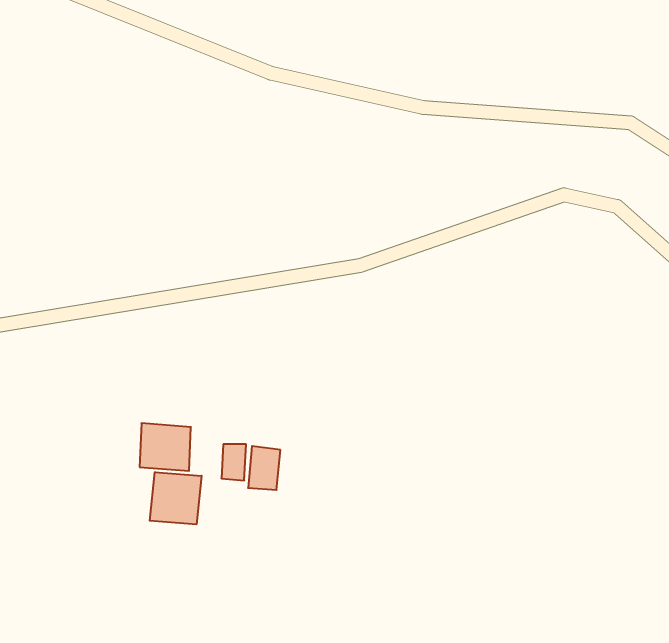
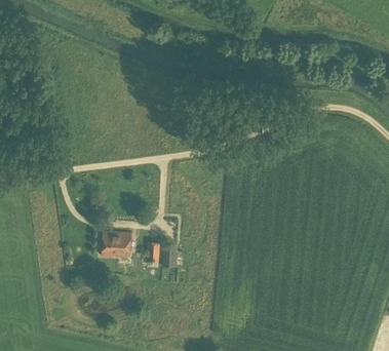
building: [150,472,202,524] -> none

